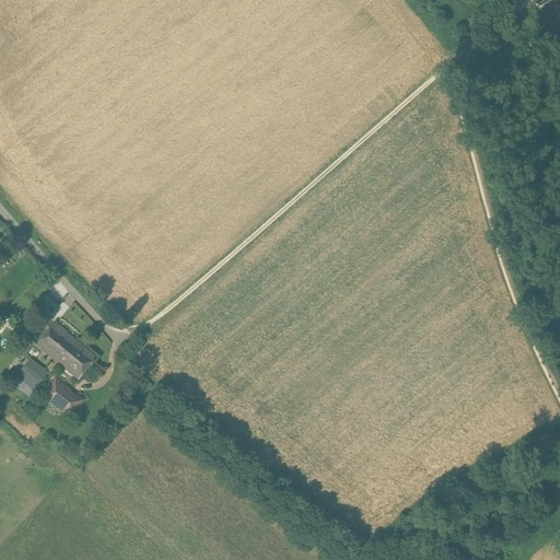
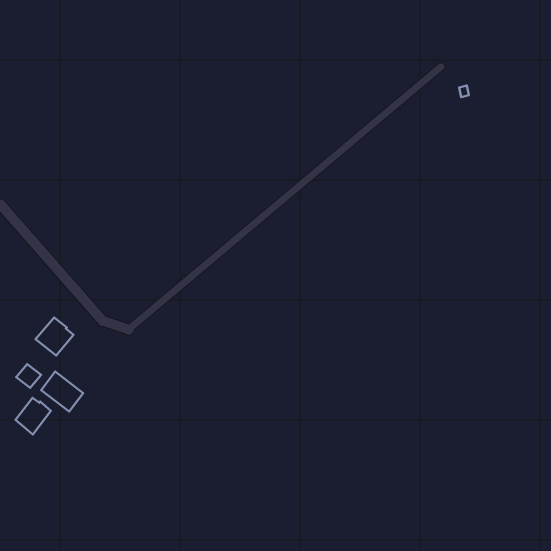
building: [58,339,95,376] -> none
building: none -> [15,398,51,434]

